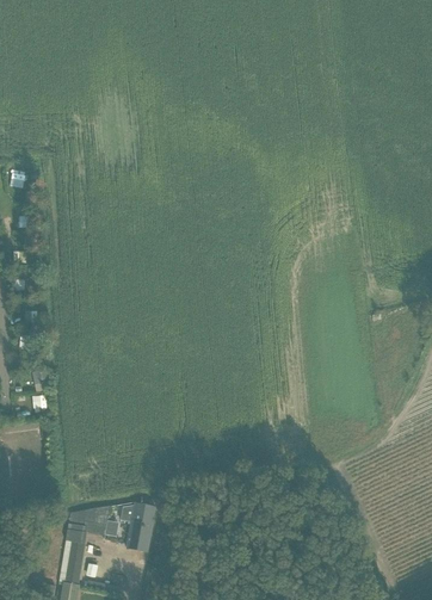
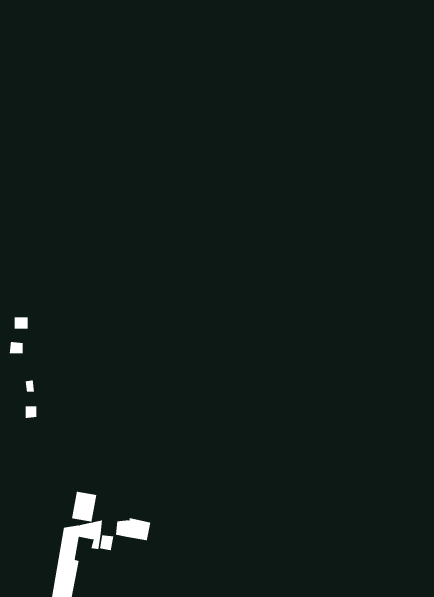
building: [126,521,152,551] -> [71,491,97,522]

